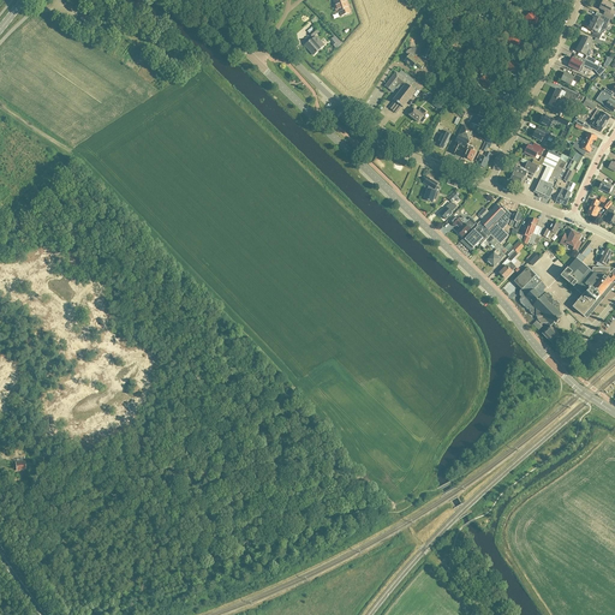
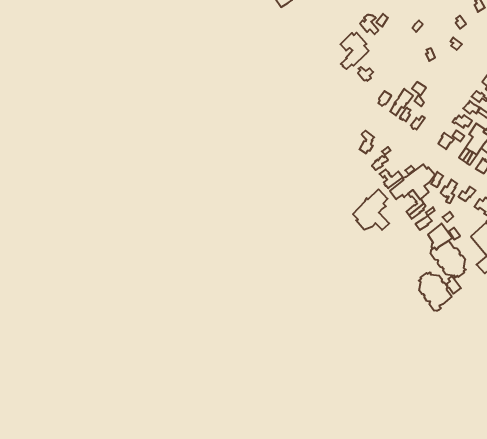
building: none -> [353,189,389,230]
building: none -> [419,272,452,311]

